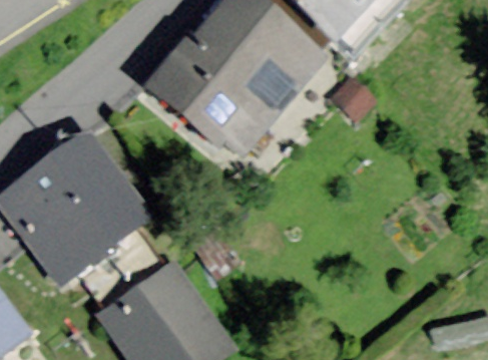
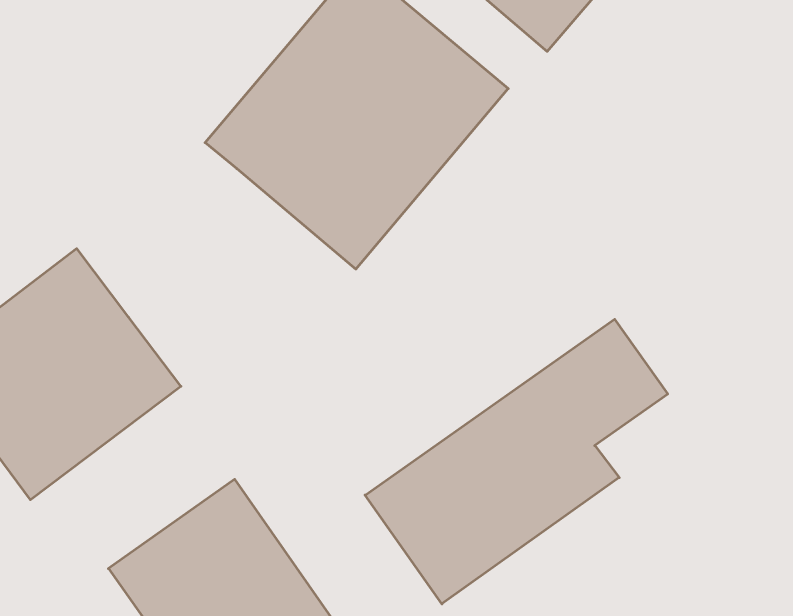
building: none -> [365,319,668,604]

